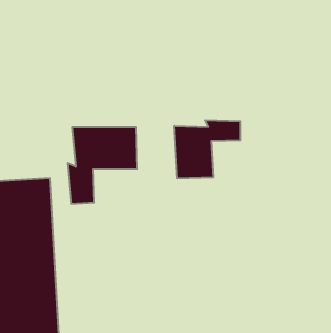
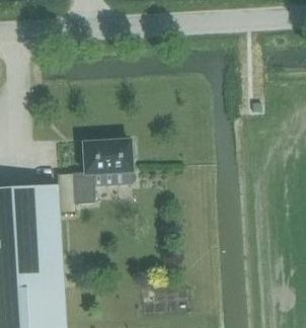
building: [174,120,240,178] -> none

